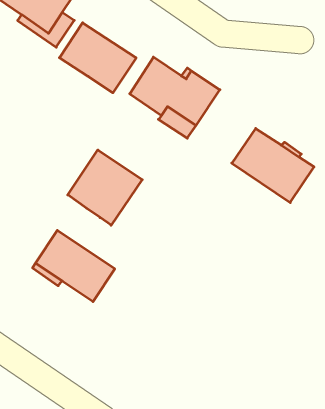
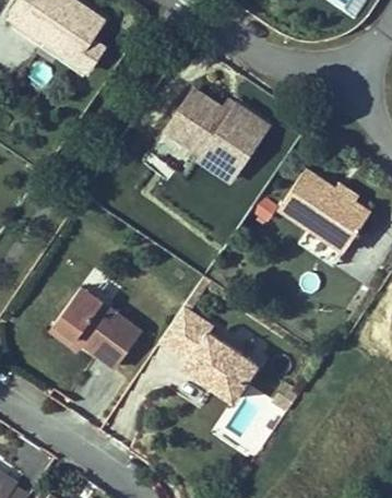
building: [59,23,136,93] -> none
building: [68,150,142,225] -> none
building: none -> [174,313,257,395]

